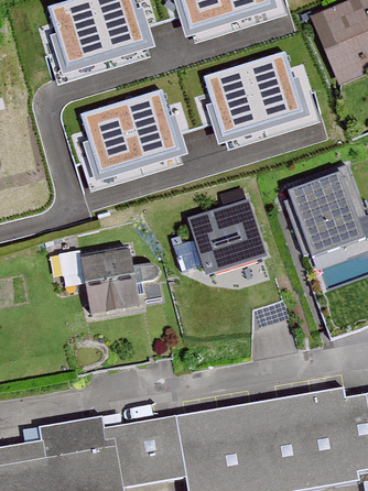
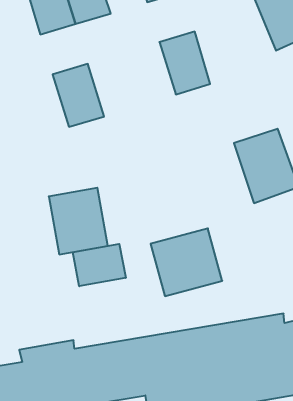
building: [243,48,302,121] -> none
building: [120,86,178,159] -> none
building: [187,198,270,276] -> [151,228,222,296]
building: none -> [73,244,126,286]

